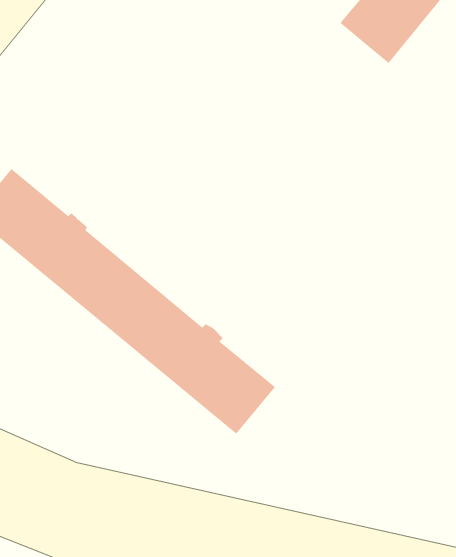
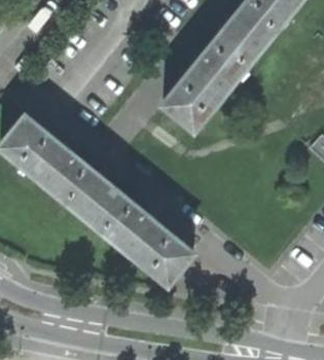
building: none -> [164,22,261,130]

